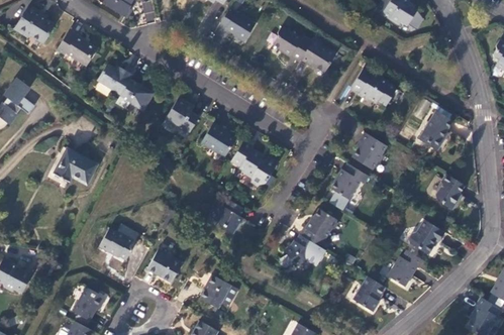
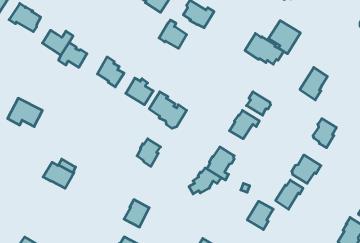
building: [300,36,334,72] -> [159,20,187,48]
building: none -> [268,21,300,54]
building: [146,249,182,283] -> none
building: [72,289,104,321] -> none

